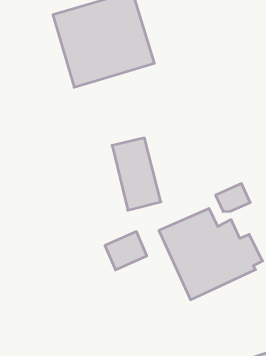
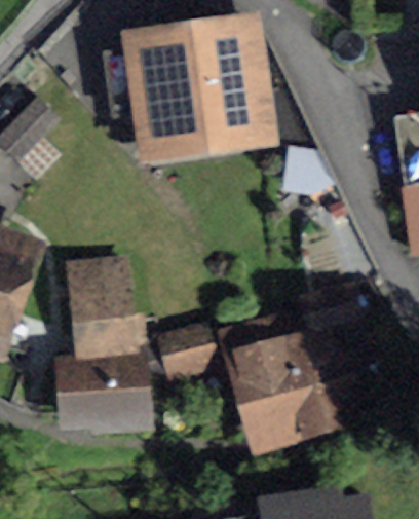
building: [112,138,161,210] -> [74,265,123,350]
building: none -> [63,362,140,421]

